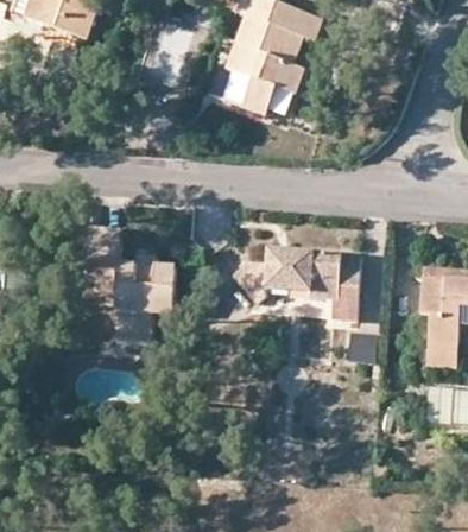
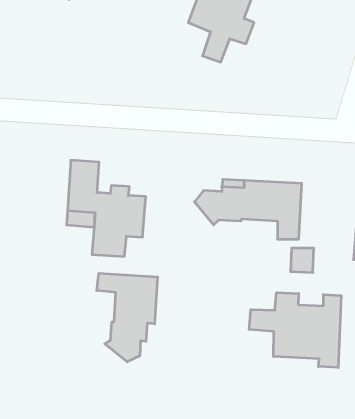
building: none -> [97,273,158,362]
building: none -> [249,293,341,368]

